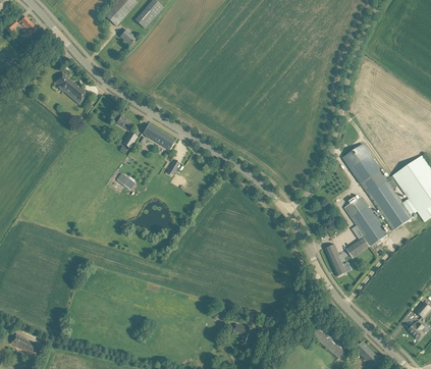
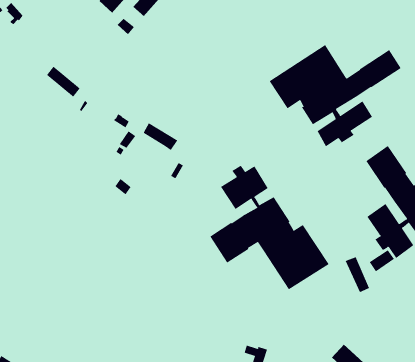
building: none -> [269,44,401,147]
building: none -> [209,165,330,290]

